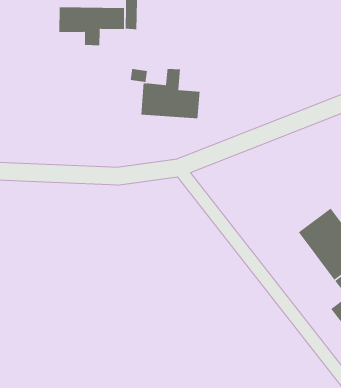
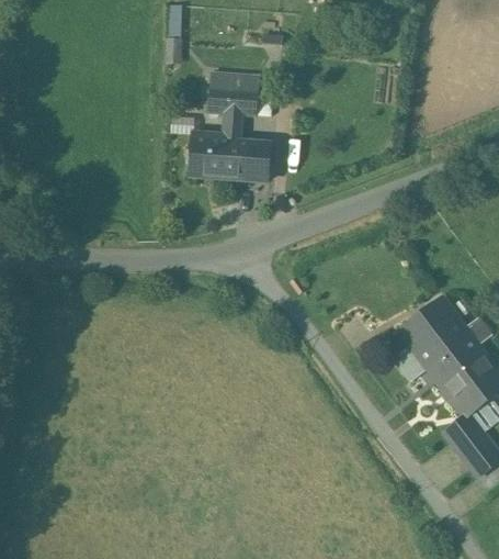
building: [59,6,125,46] -> none
building: none -> [207,72,258,115]

